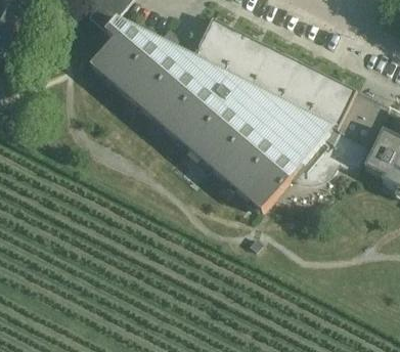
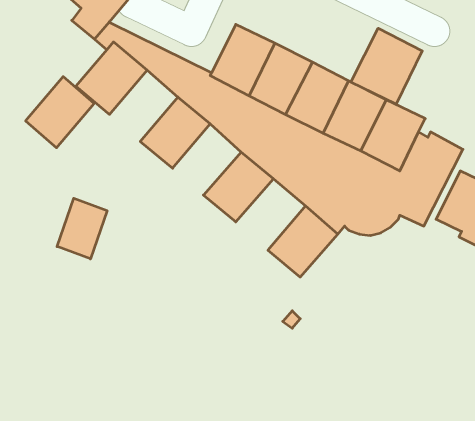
building: none -> [351,28,422,104]
building: [117,54,169,108] -> [26,77,94,148]
building: [165,95,217,149] -> none
building: [213,137,266,191] -> none
building: none -> [57,198,107,259]

